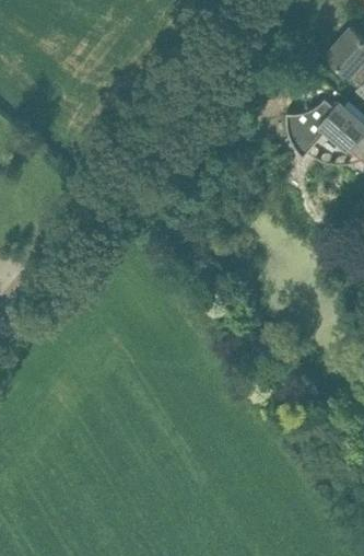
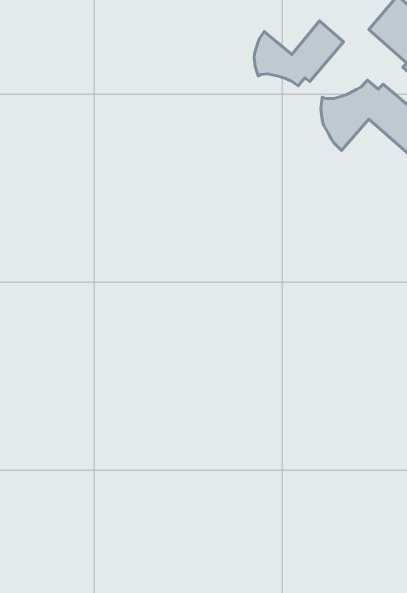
building: none -> [254,21,344,86]

